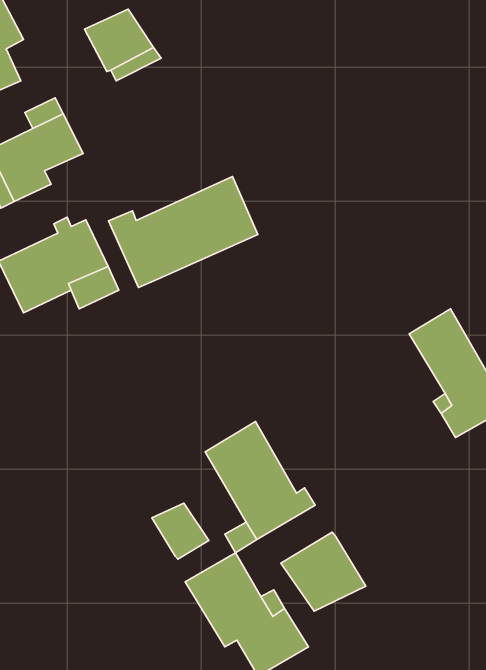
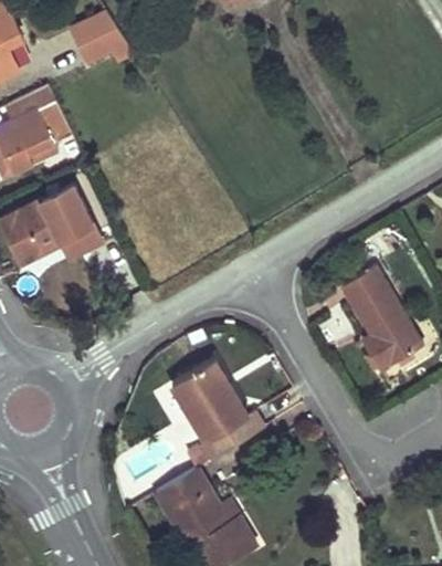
building: [109,176,258,287] -> none
building: [152,503,209,559] -> none
building: [281,532,366,611] -> none

